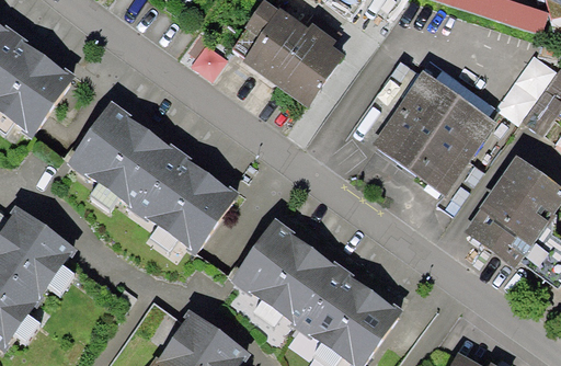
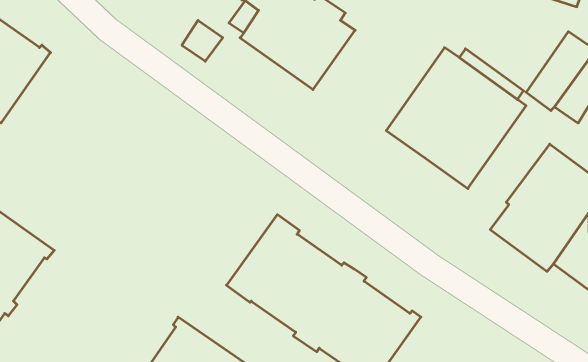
building: [67,101,240,255] -> none

